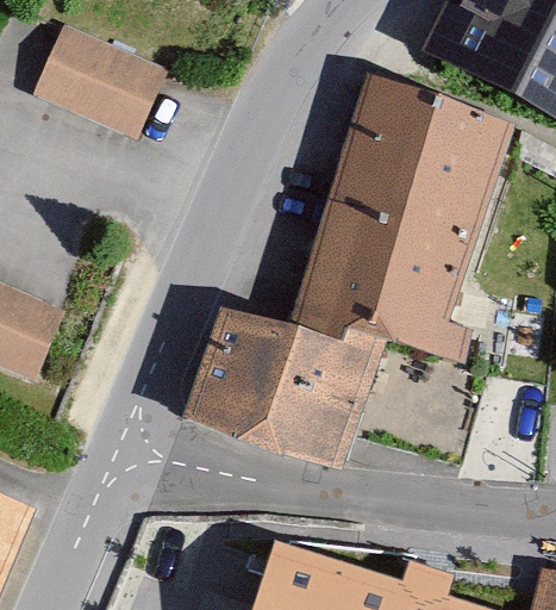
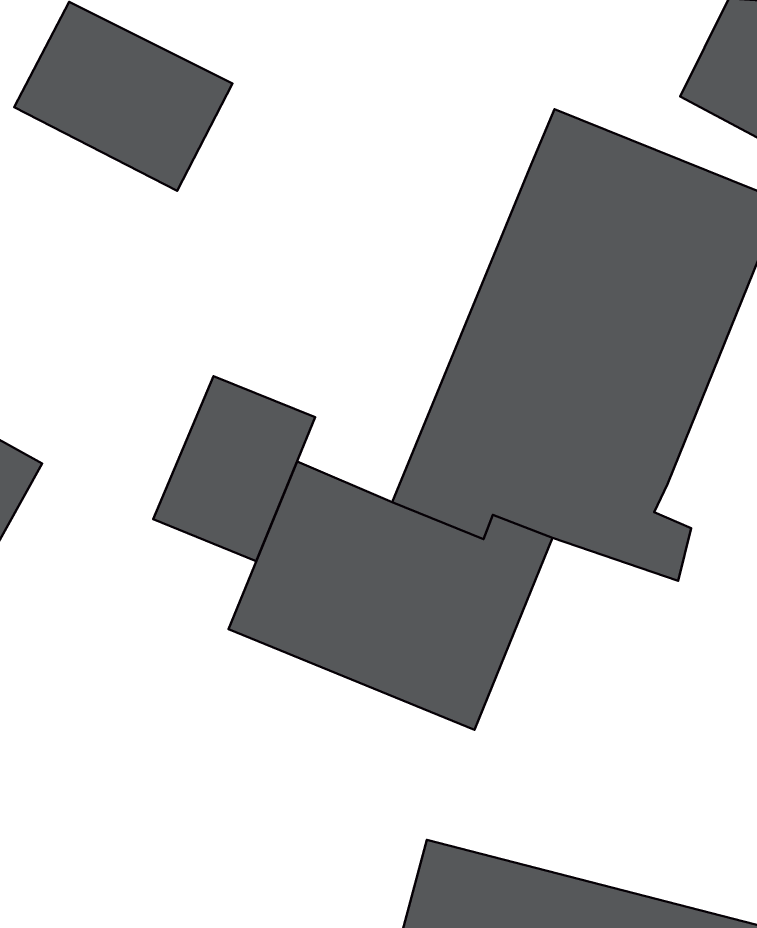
building: none -> [153,376,315,561]

